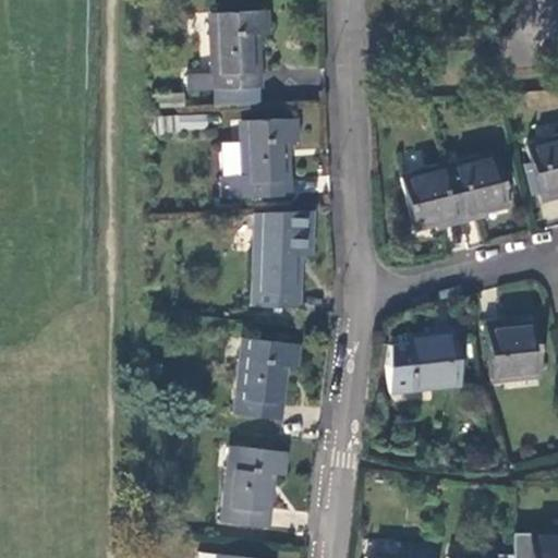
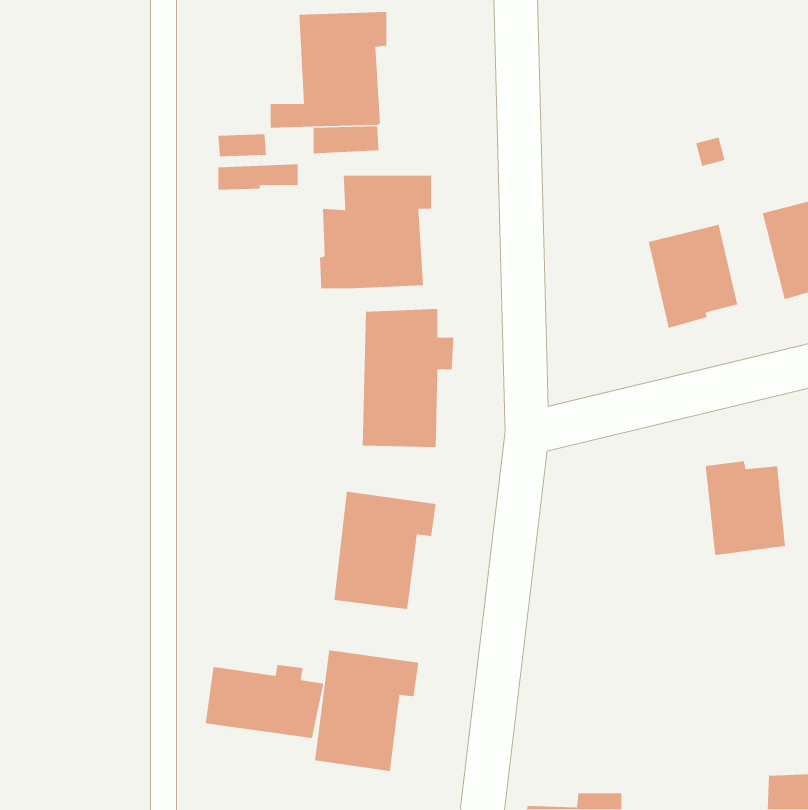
building: [401,166,461,232] -> none
building: [404,324,458,390] -> none
building: none -> [205,664,324,739]

